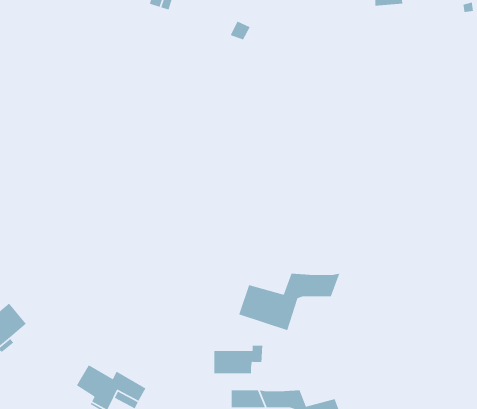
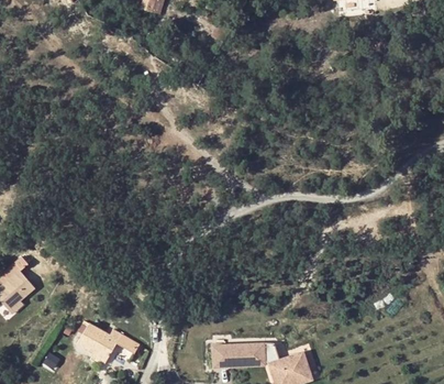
building: [238,273,340,331] -> none
building: [213,345,263,374] -> none

